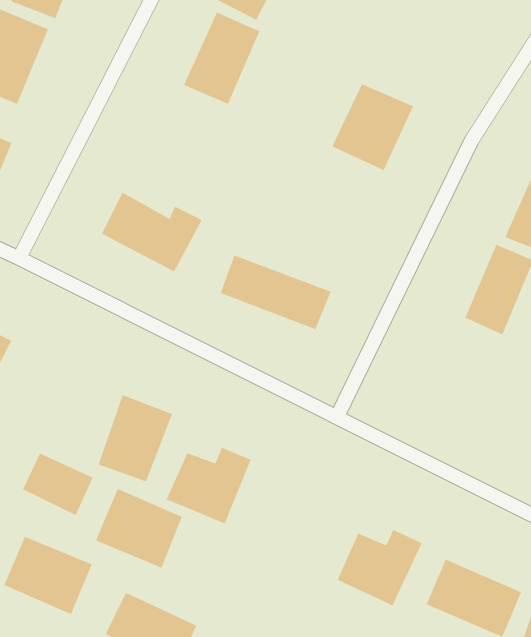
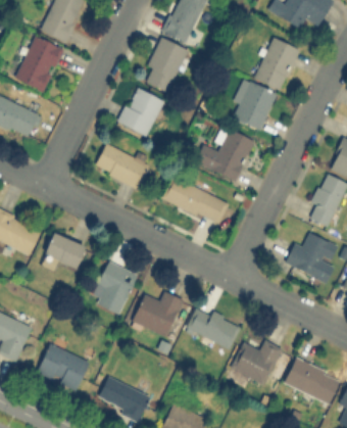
building: none -> [254,37,298,90]
building: none -> [117,87,164,137]
building: none -> [195,127,254,182]
building: none -> [285,233,339,283]
building: [22,453,94,516] -> [44,233,86,270]
building: none -> [186,307,239,349]
building: [95,488,183,568] -> none

